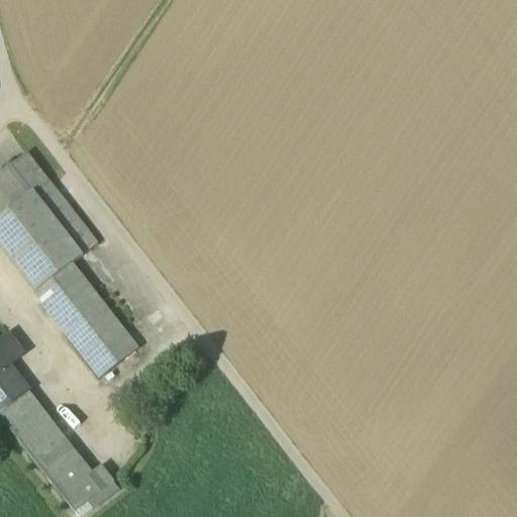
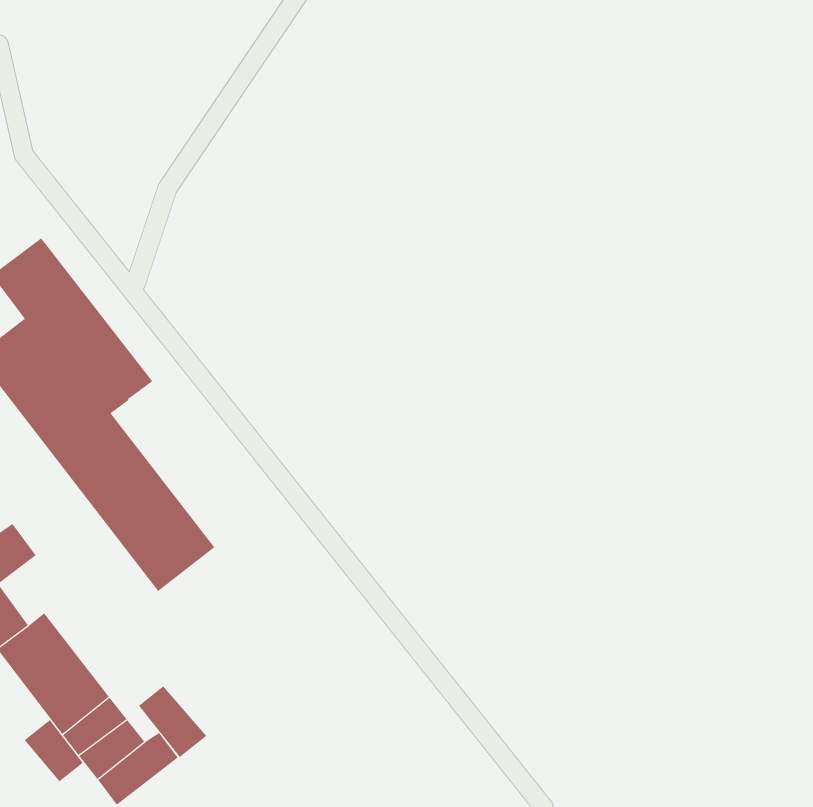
building: none -> [138,685,207,758]
building: none -> [24,719,83,782]

